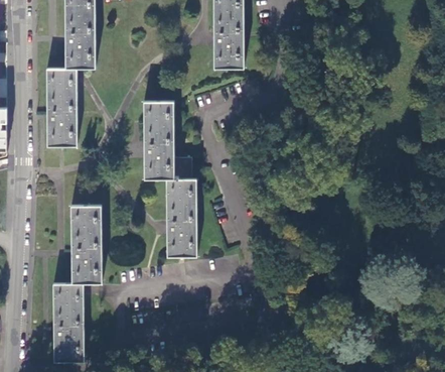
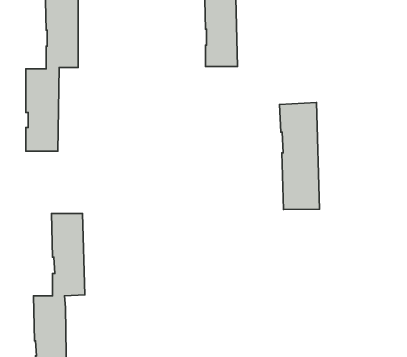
building: [143,99,198,254] -> none
building: none -> [280,103,319,210]

